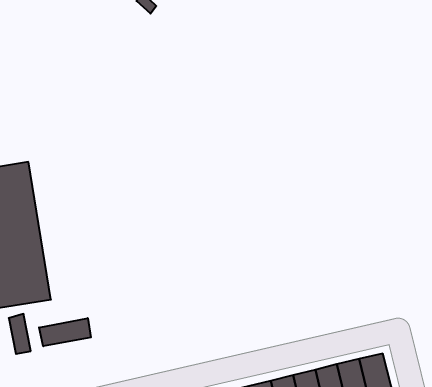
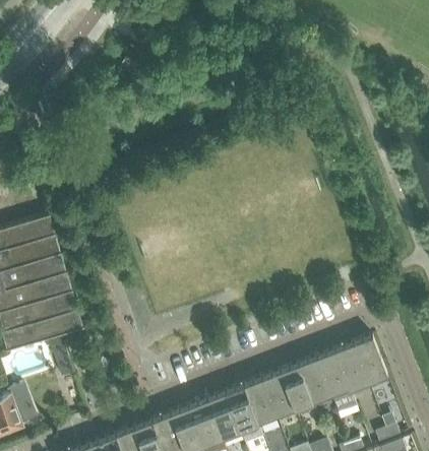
building: [39,318,91,346] -> none

